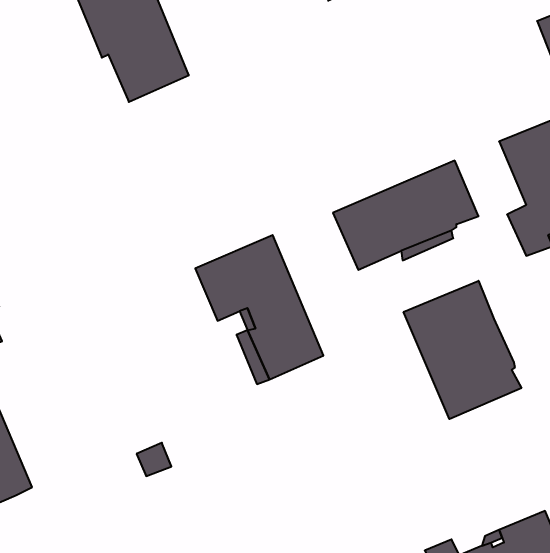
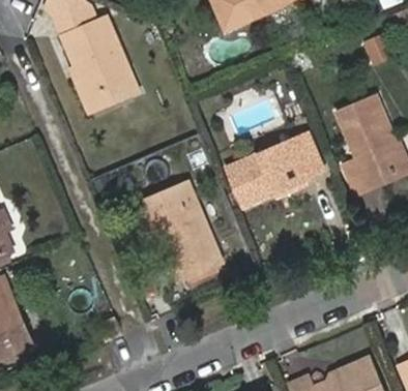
building: none -> [72,62,139,108]
building: [404,281,521,419] -> none

